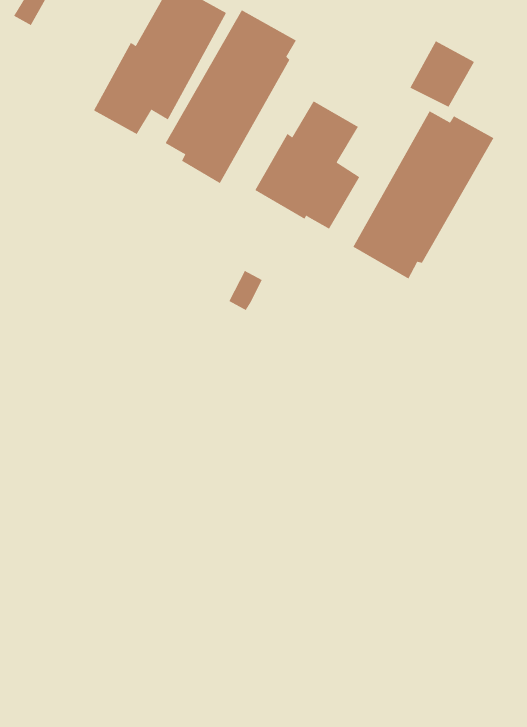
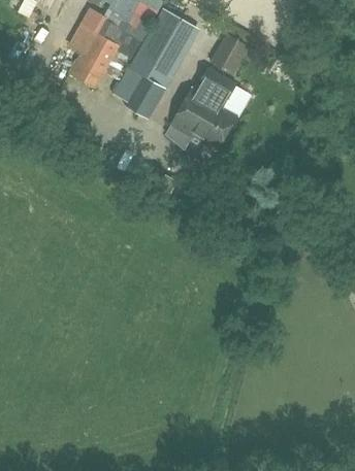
building: [410,41,475,107] -> [208,33,250,75]
building: [353,111,494,280] -> none

